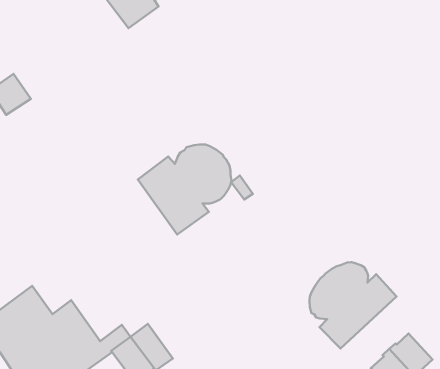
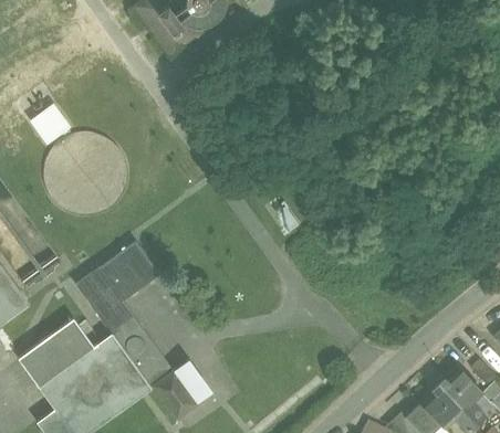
building: [138,144,231,235] -> none
building: none -> [77,242,165,376]
building: [309,262,397,348] -> none

